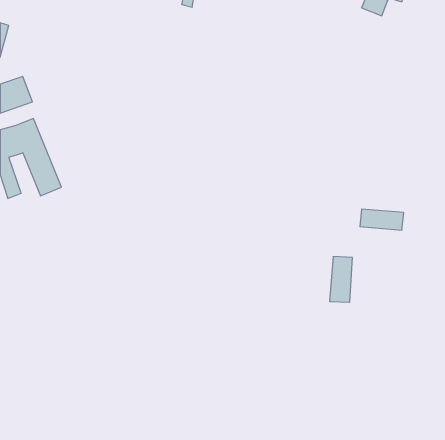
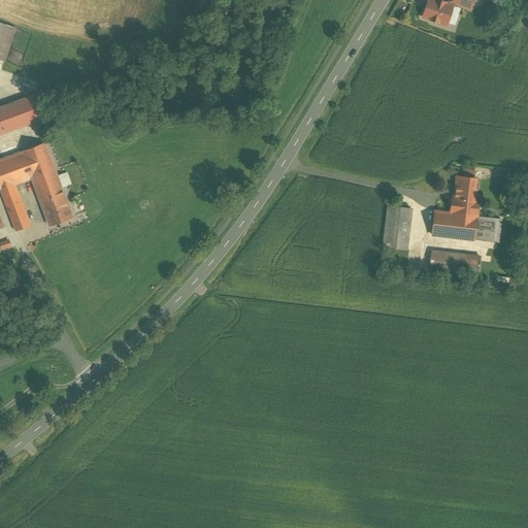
building: none -> [427,176,478,238]
building: [330,257,352,302] -> [381,207,407,261]

